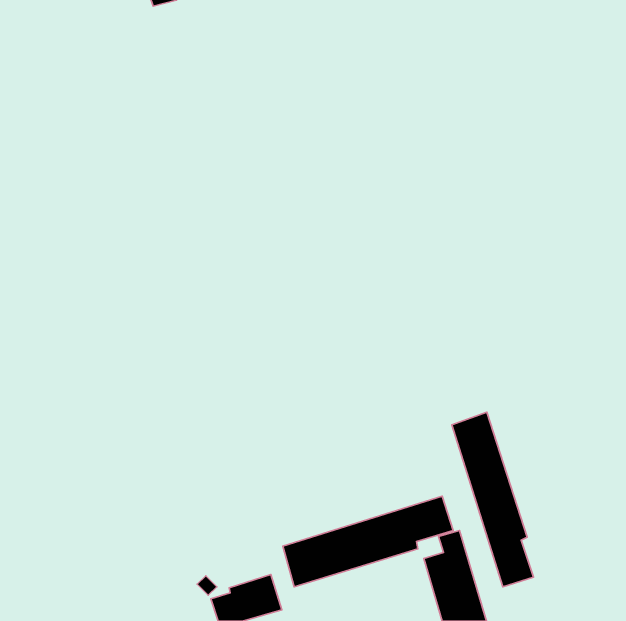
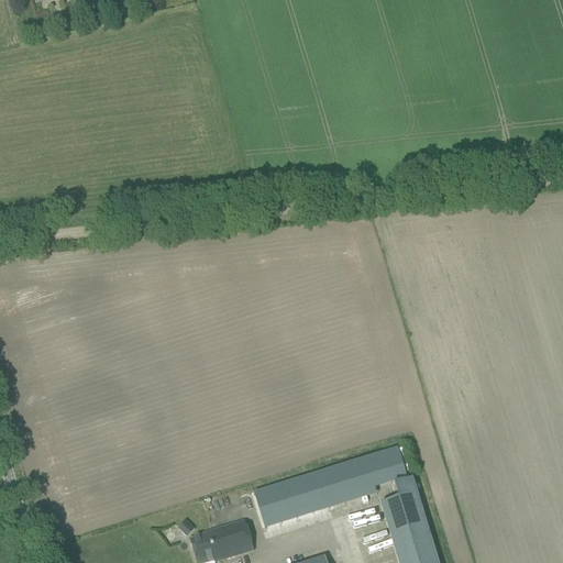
building: [452,412,533,587] -> none

